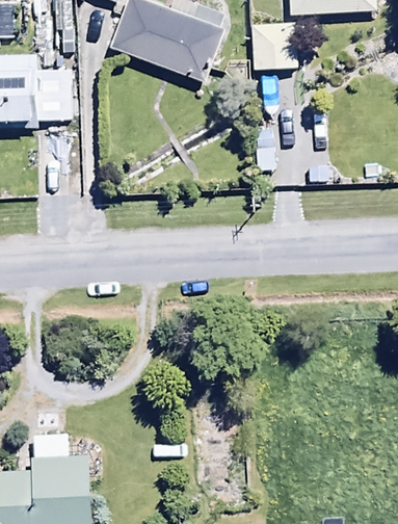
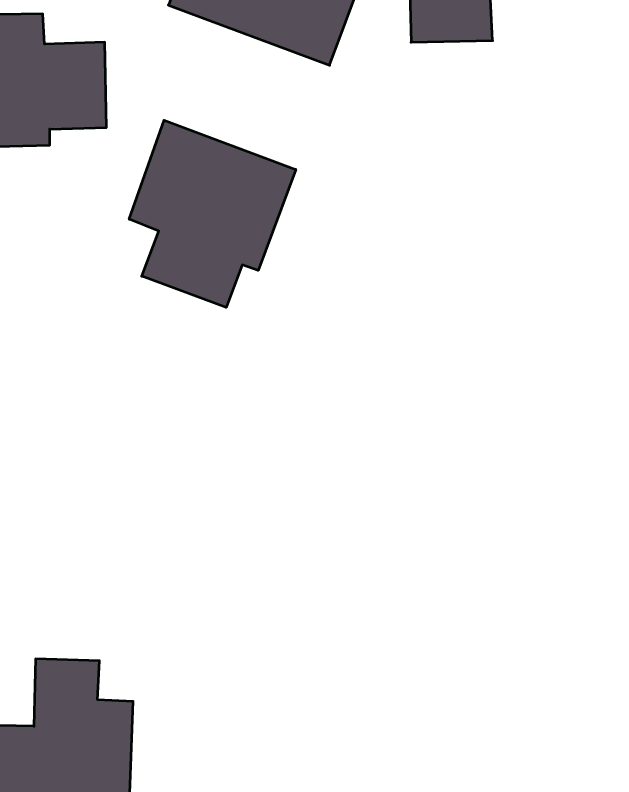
building: none -> [129,120,296,307]

